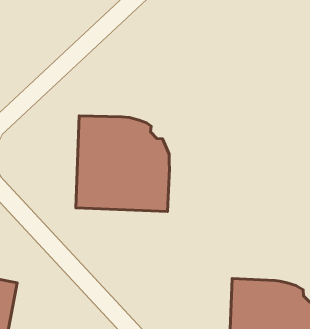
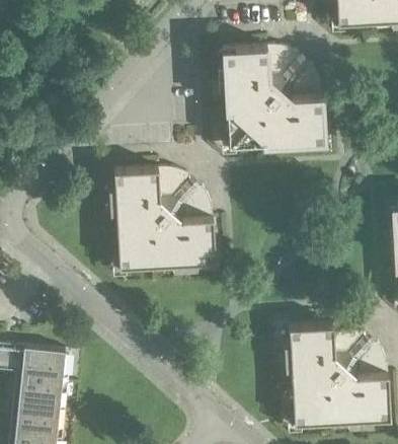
building: none -> [223,49,324,147]

